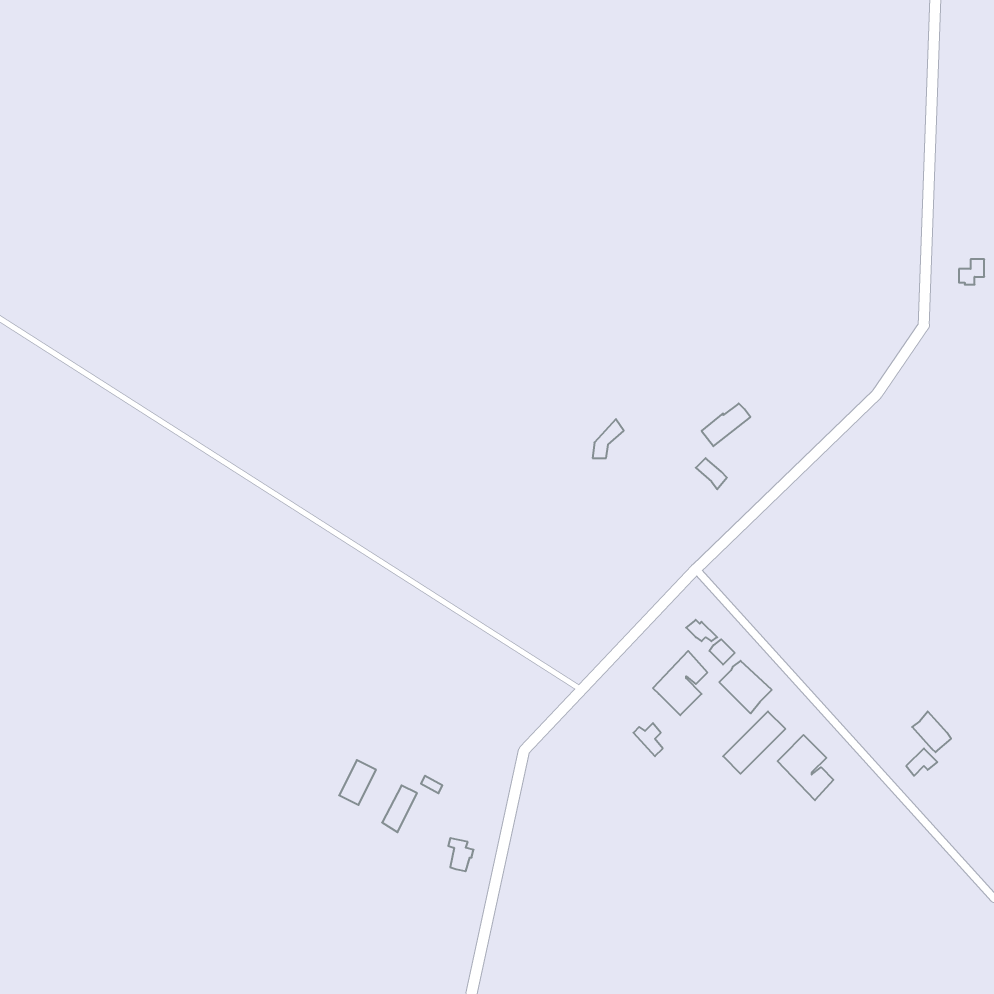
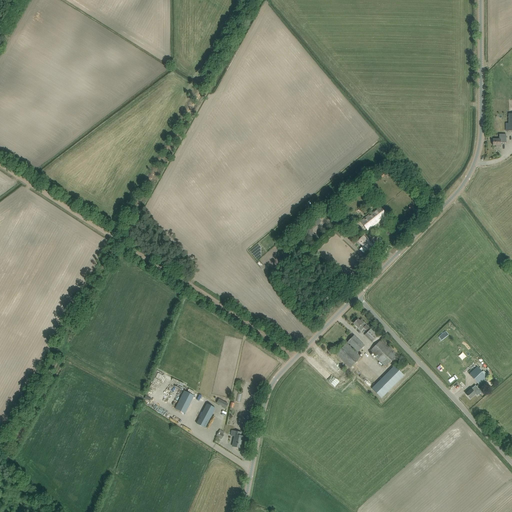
building: [778,735,833,800] -> none

